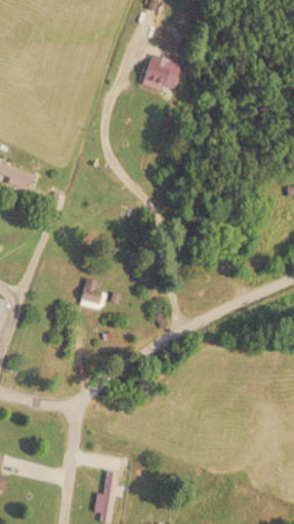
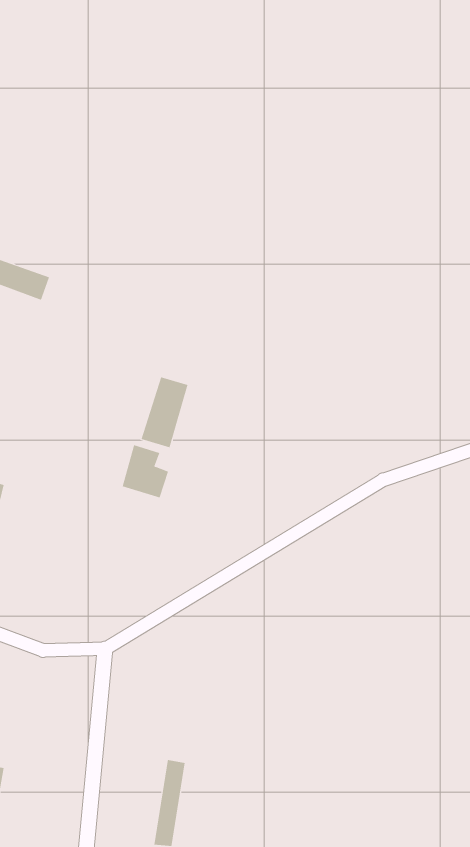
building: [139,54,179,90] -> none
building: none -> [141,377,188,448]

